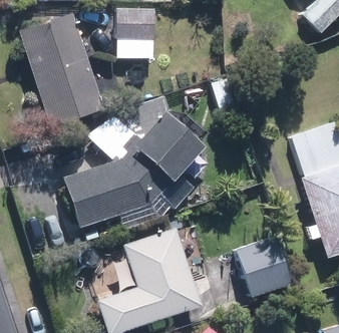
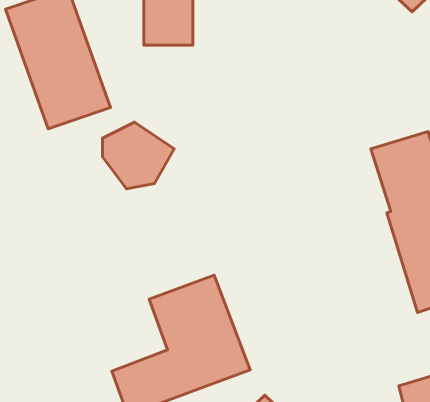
building: [65,113,202,223] -> none
building: [242,252,291,299] -> none

